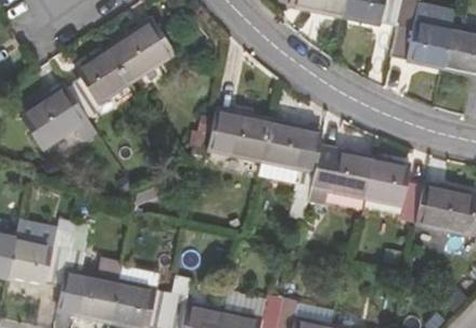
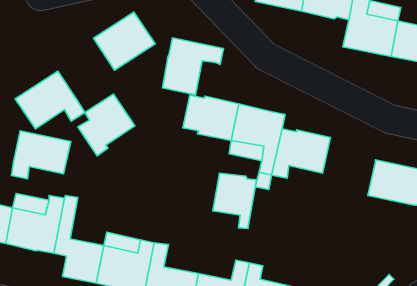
building: none -> [162,38,223,95]
building: [66,47,130,116] -> [78,94,135,156]
building: none -> [11,131,71,179]
building: [364,158,424,223] -> none
building: none -> [213,173,256,229]

